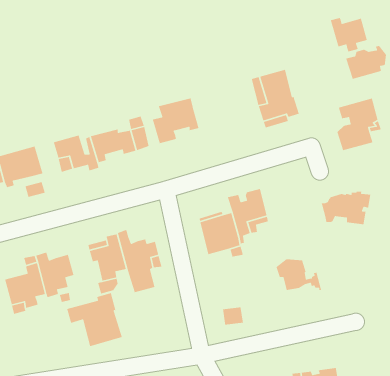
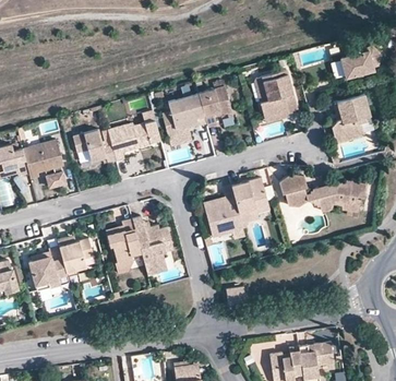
building: [330,17,368,52] -> none
building: none -> [199,86,231,127]
building: [276,259,322,291] -> [278,176,321,205]
building: [66,292,123,347] -> none

